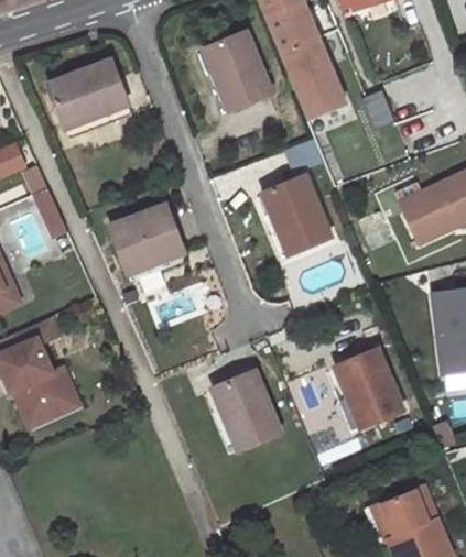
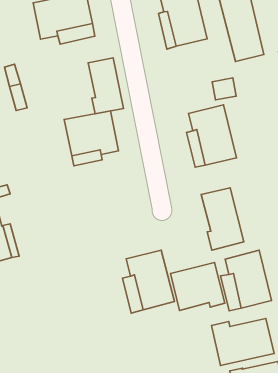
building: none -> [88,58,124,114]
building: none -> [201,188,244,250]
building: none -> [170,263,225,310]
building: none -> [211,319,274,365]

